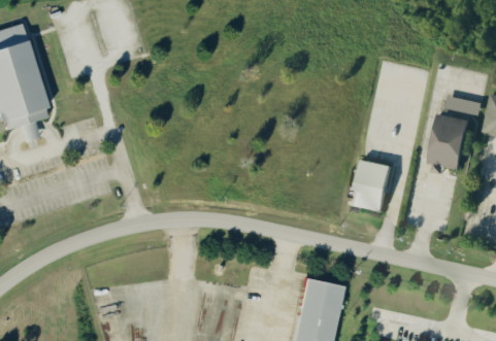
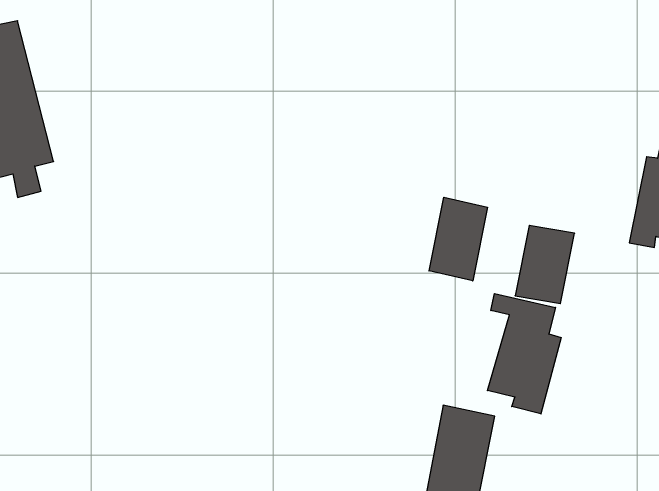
building: none -> [429,197,487,281]
building: none -> [487,294,561,414]

